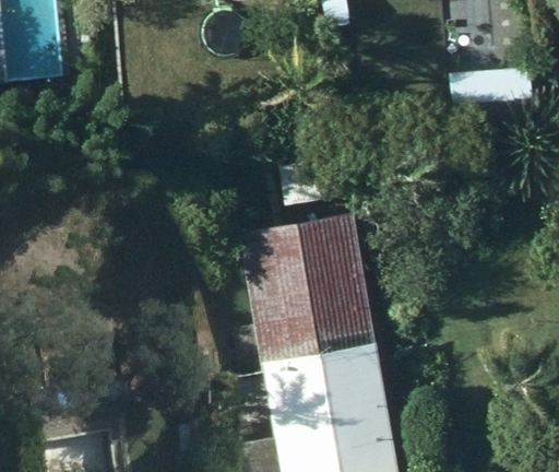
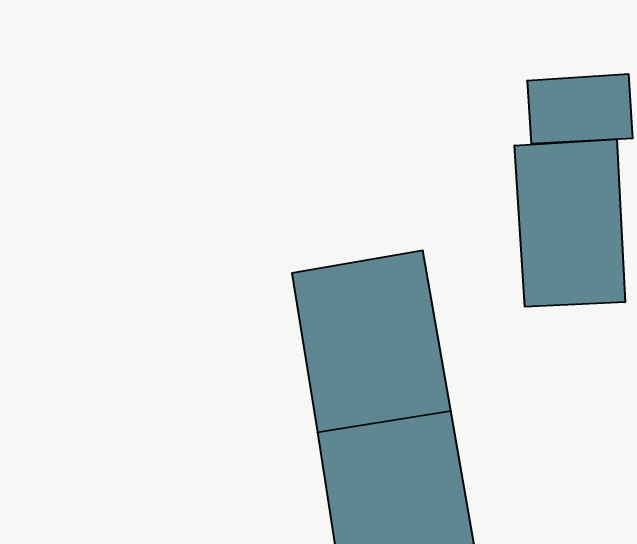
building: none -> [515,139,625,307]

